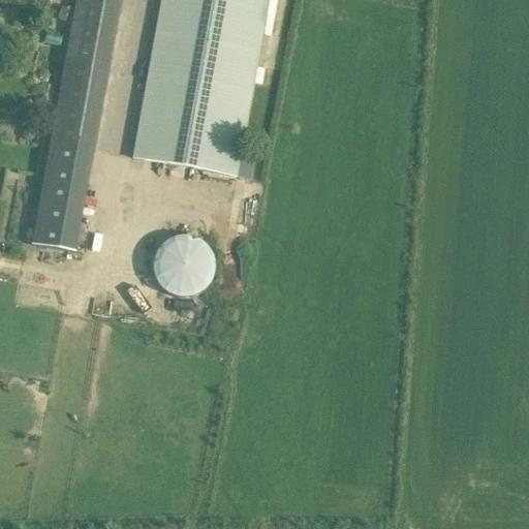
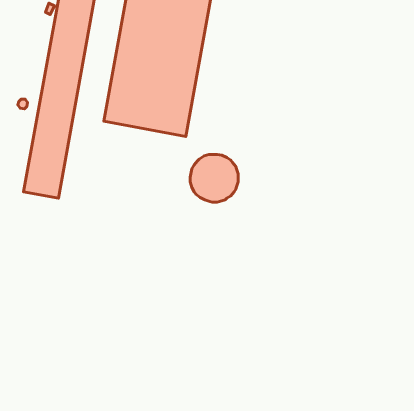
building: [154,234,215,294] -> [190,154,238,202]

